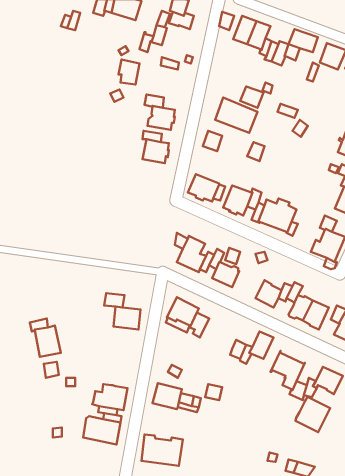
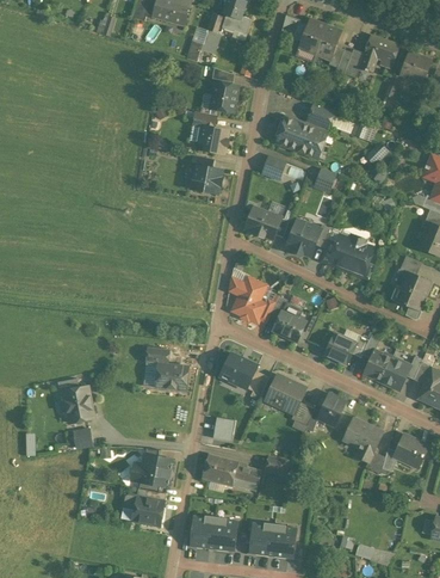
building: [118,59,139,85] -> [212,81,237,111]
building: none -> [266,374,305,412]
building: [295,397,330,432] -> none
building: none -> [248,522,297,558]

